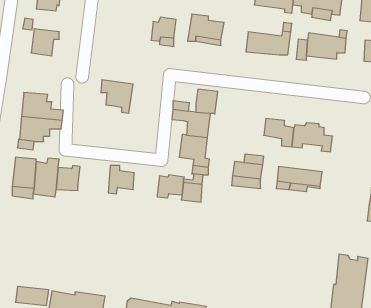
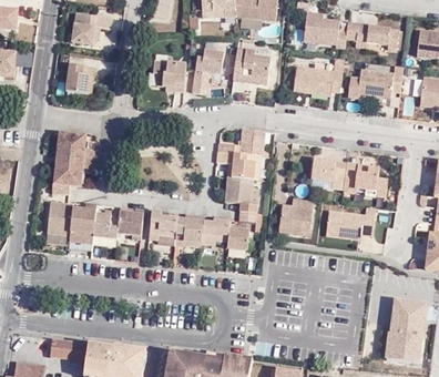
building: [101,80,133,113] -> [155,54,190,90]
building: none -> [116,207,143,237]
building: none -> [174,217,203,245]

